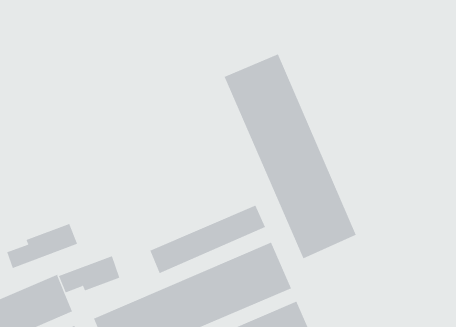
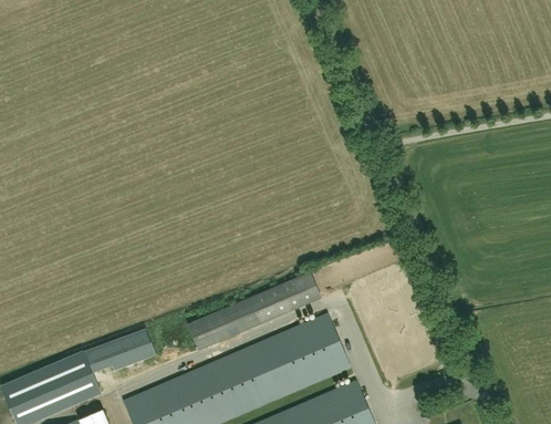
building: [224,54,357,259] -> none
building: [6,223,78,269] -> none

